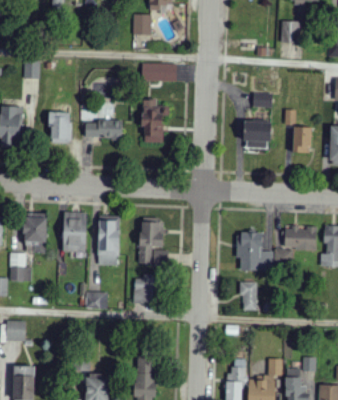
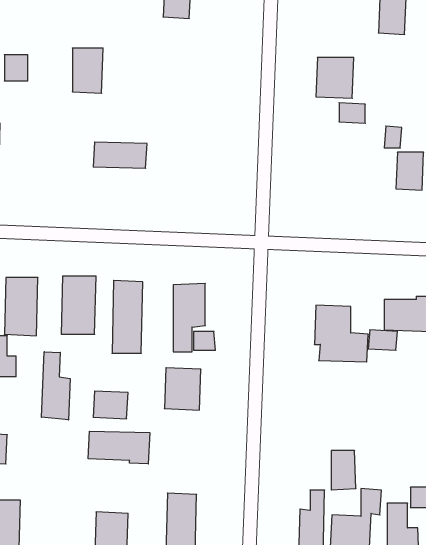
building: [142,63,176,81] -> none
building: [142,100,169,143] -> none
building: [50,112,71,143] -> [72,48,103,93]
building: [244,121,270,149] -> [316,57,354,98]
building: none -> [41,352,70,420]
building: [242,283,259,310] -> [331,451,356,490]
building: none -> [88,431,150,464]

